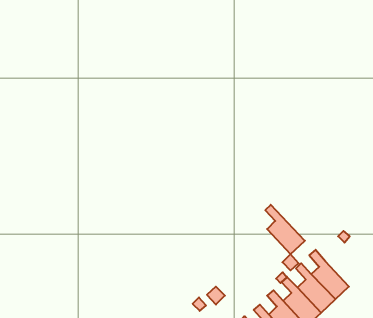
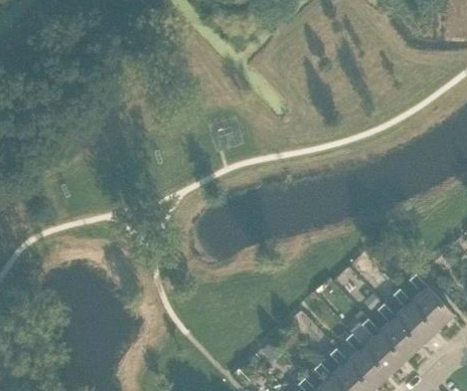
building: [265,205,305,254] -> [407,272,451,328]

